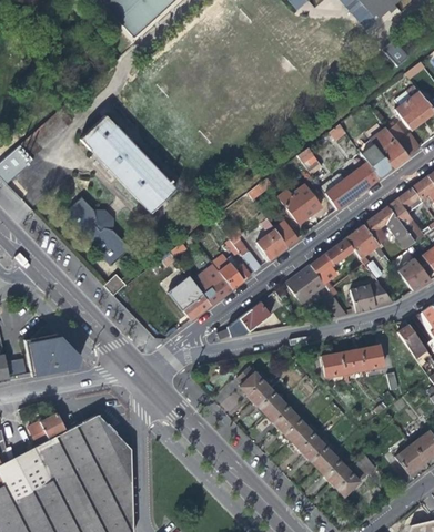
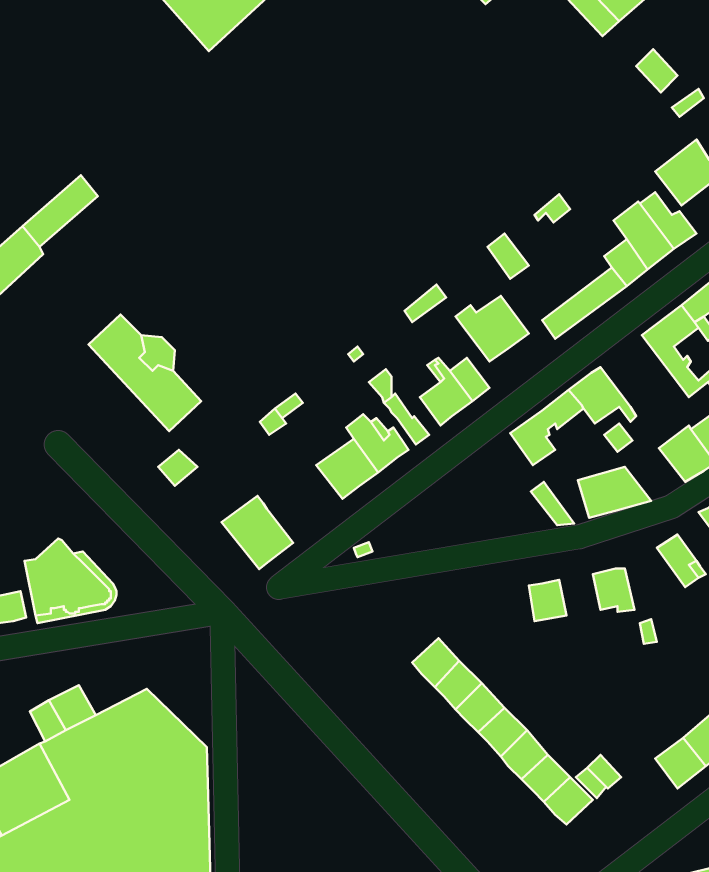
building: [81,114,176,212] -> none
building: [364,207,416,250] -> none
building: [286,265,325,304] -> none
building: [170,276,212,319] -> [222,496,293,569]
building: [232,301,272,336] -> none
building: [340,348,364,372] -> none
building: [235,366,269,400] -> none

